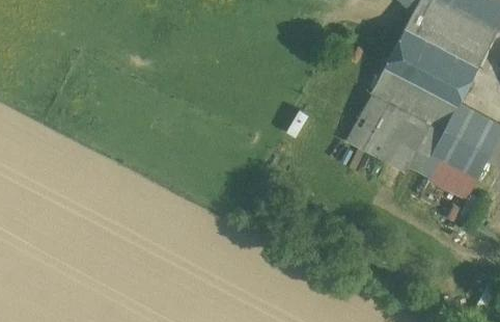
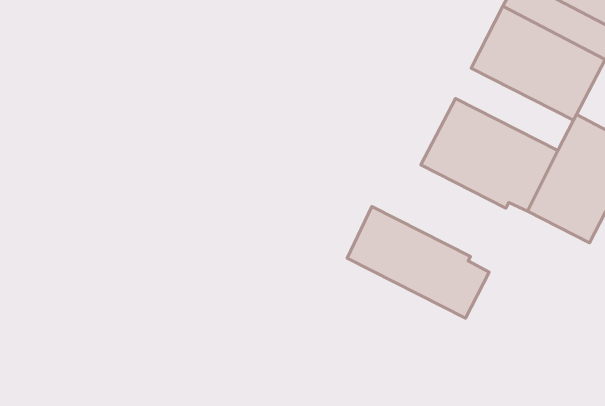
building: [371,71,456,130] -> none
building: none -> [347,207,489,318]

